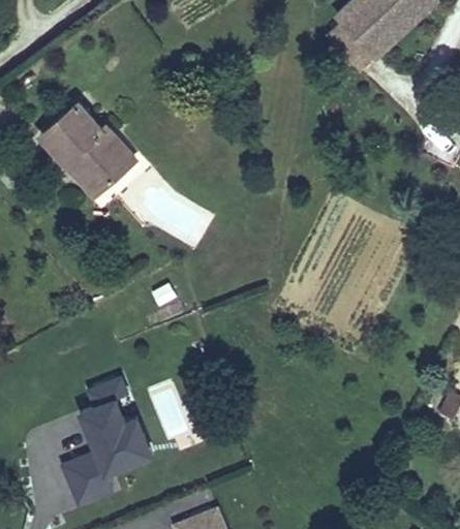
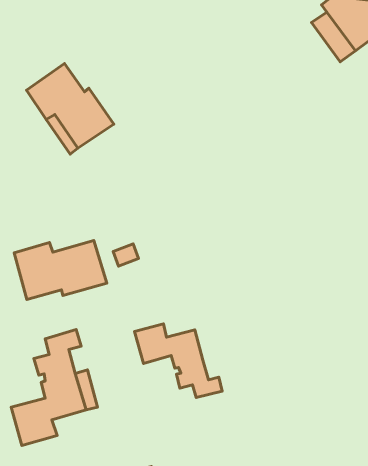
building: none -> [14,240,107,299]
building: none -> [135,324,222,398]

